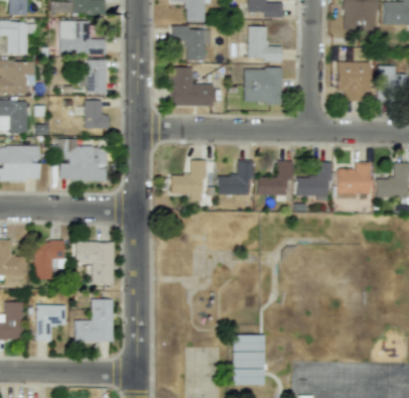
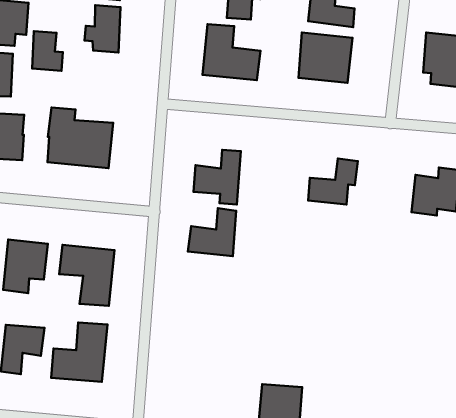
building: [85,100,108,128] -> [32,31,63,71]
building: [218,159,252,194] -> [188,208,236,256]
building: [296,161,330,200] -> none

